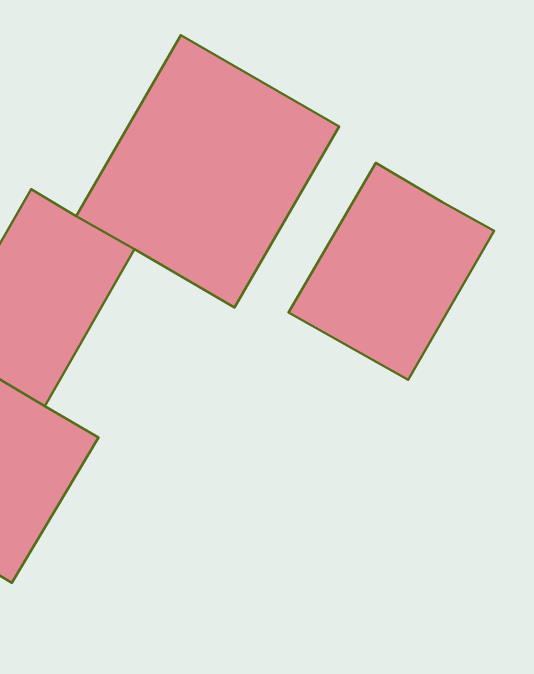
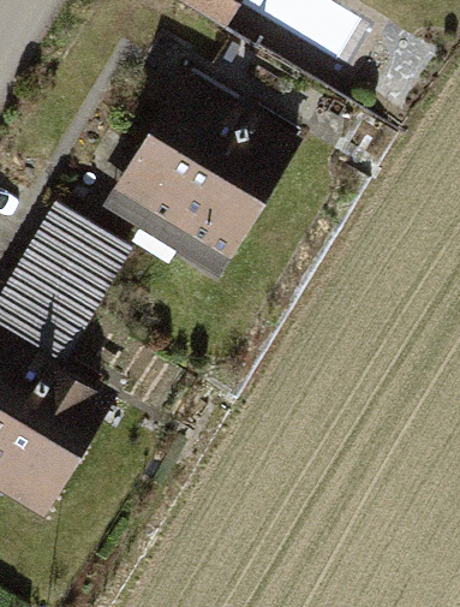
building: [288,163,494,380] -> none

